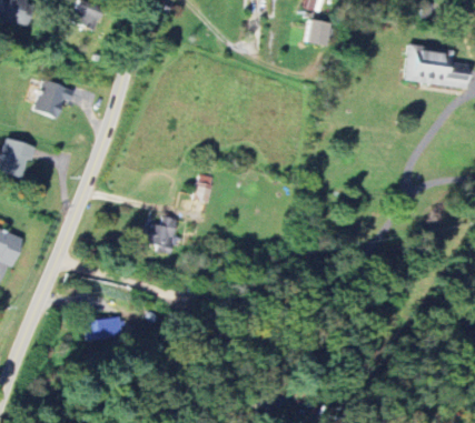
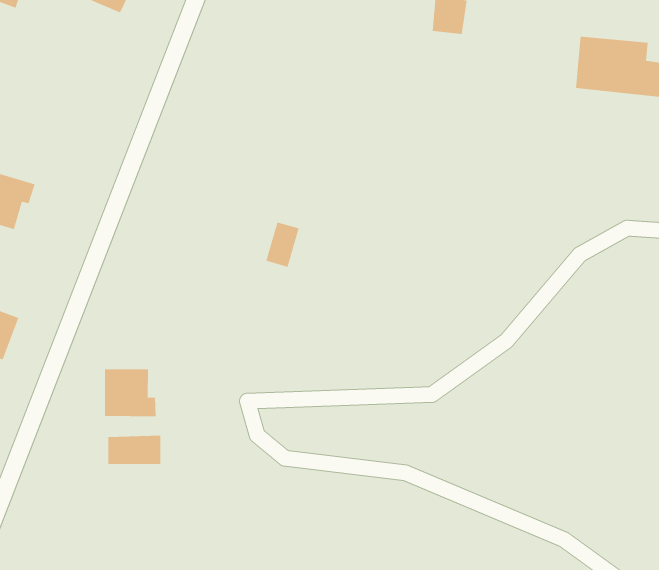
building: [31,79,73,118] -> none
building: [142,216,178,254] -> none
building: none -> [105,369,156,417]

